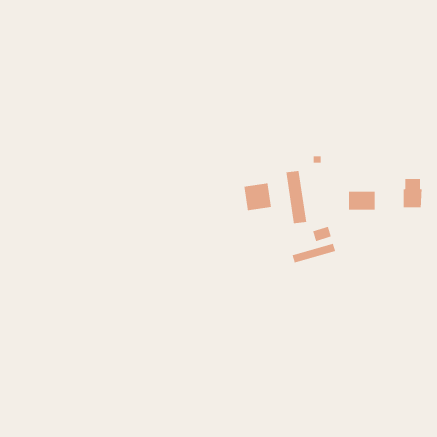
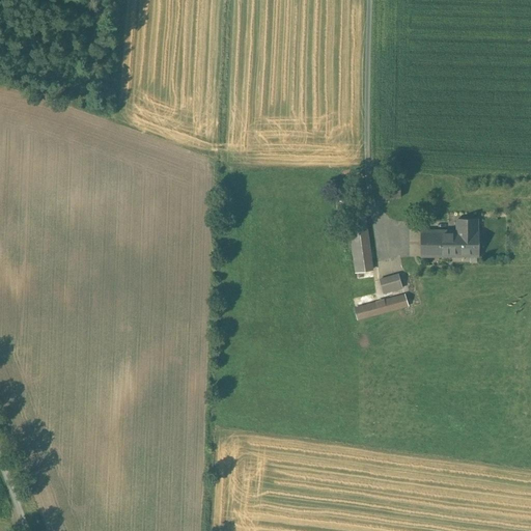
building: [403,178,422,208] -> [455,219,479,255]
building: [243,183,272,211] -> none

